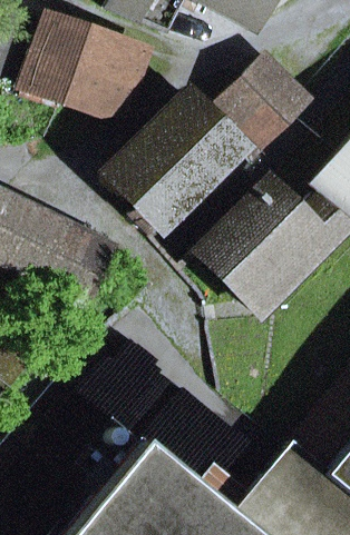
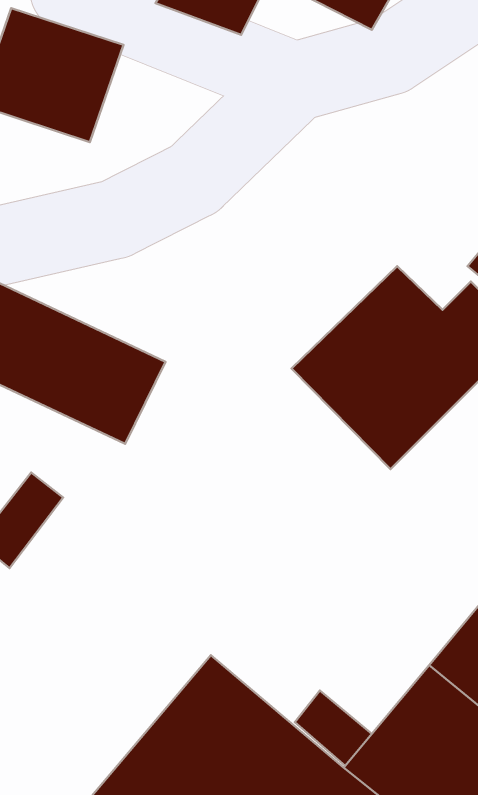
building: [69,36,154,113] -> none
building: [225,56,315,146] -> none
building: [119,95,246,219] -> none

